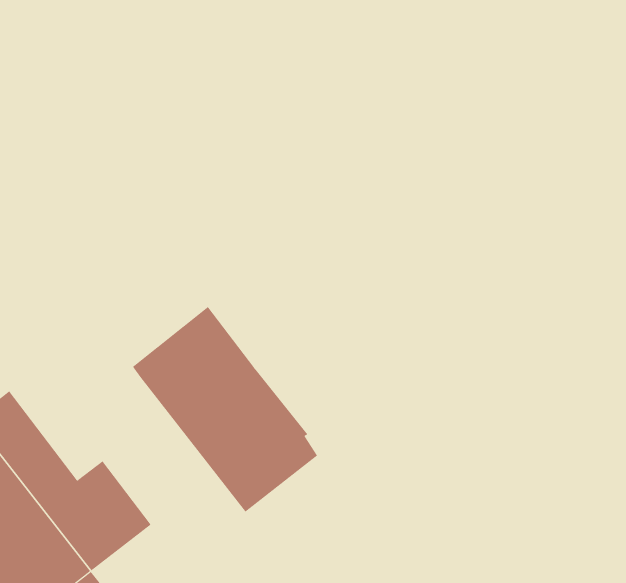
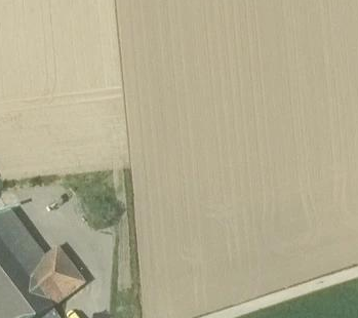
building: [132,306,318,512] -> none

